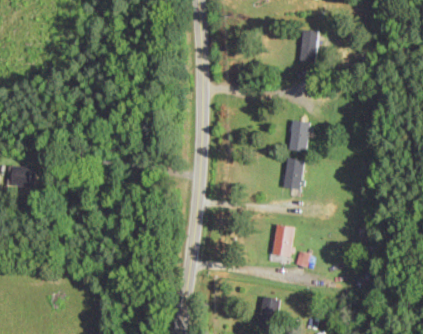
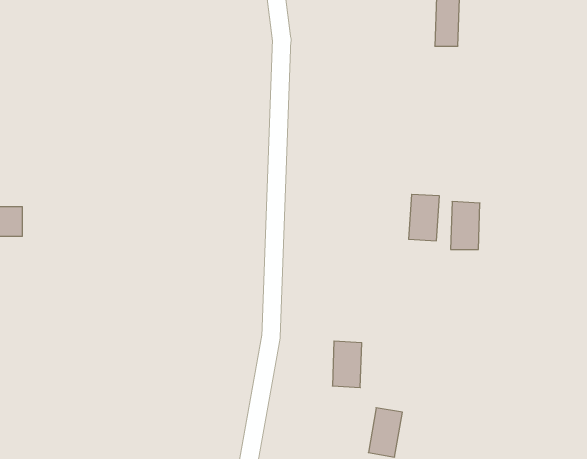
building: [290,120,309,151] -> [451,202,480,249]
building: [274,225,293,255] -> [332,341,362,388]

